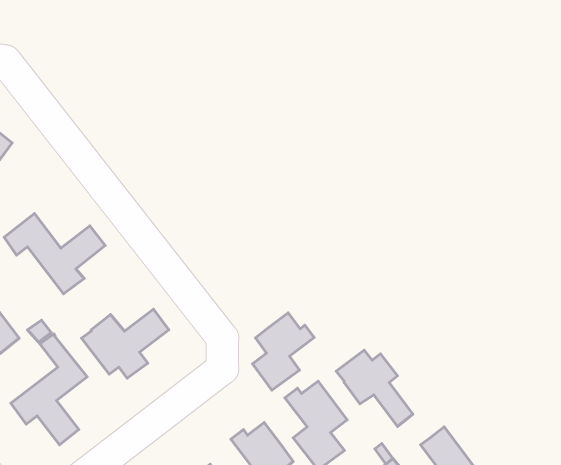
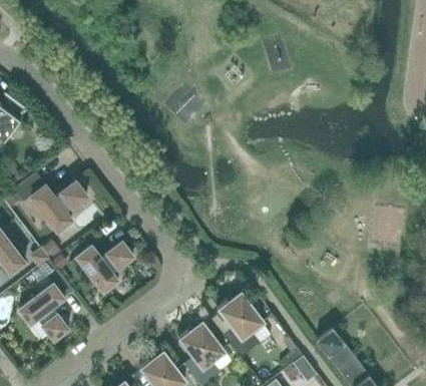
building: [253,313,314,390] -> none
building: [336,350,413,426] -> none

